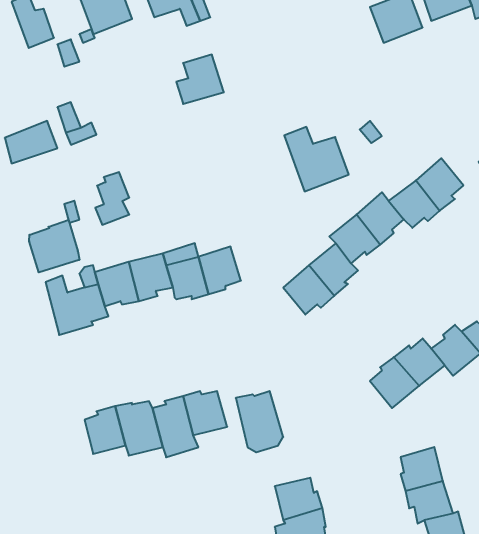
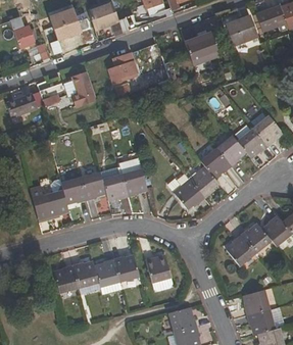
building: [284,127,349,191] -> [181,26,219,64]
building: [95,172,129,225] -> [72,73,93,105]
building: [29,220,79,272] -> none

